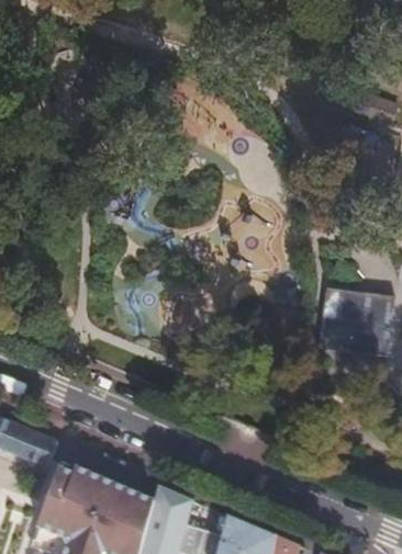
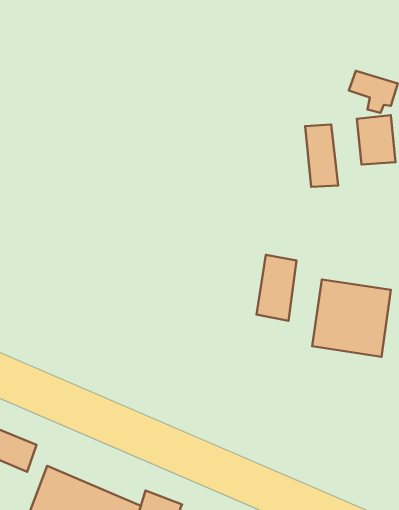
building: none -> [305,124,338,187]
building: none -> [257,255,296,321]

